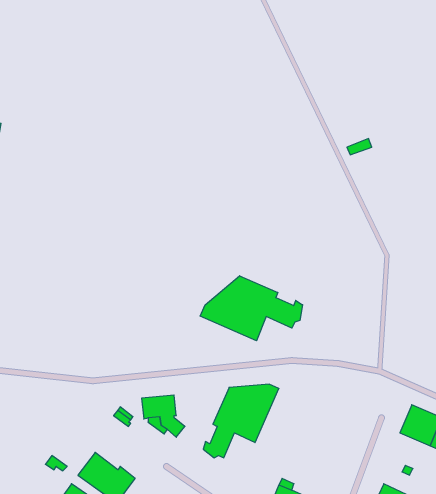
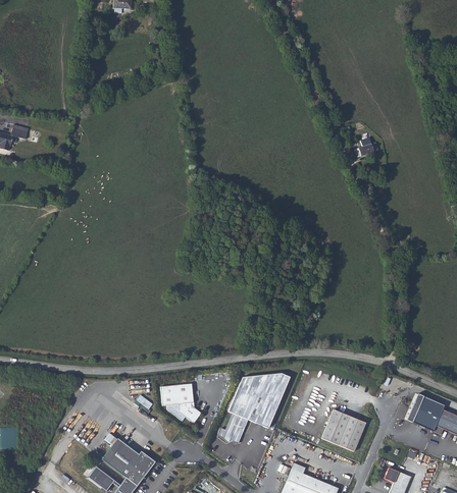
building: [200,276,303,341] -> none
building: none -> [322,409,365,451]

